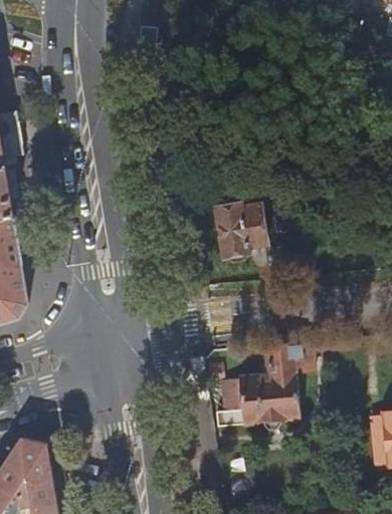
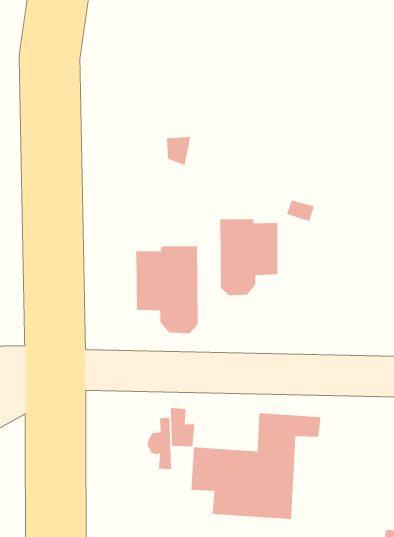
building: none -> [136,245,198,334]

